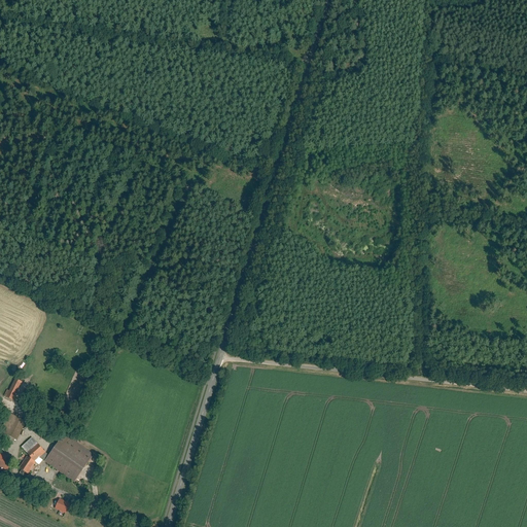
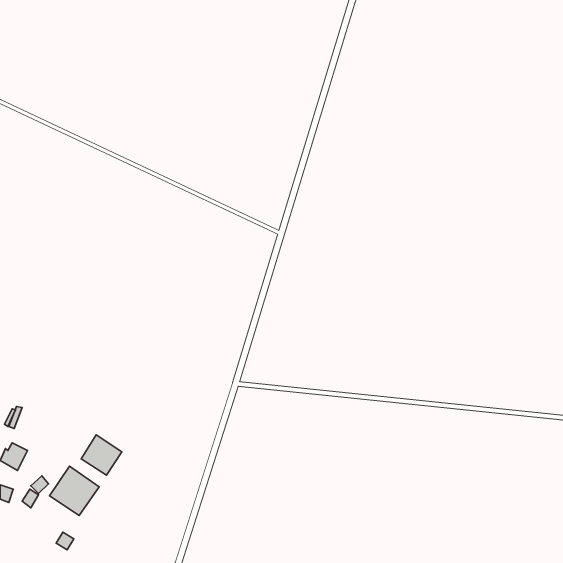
building: none -> [81,435,122,475]

